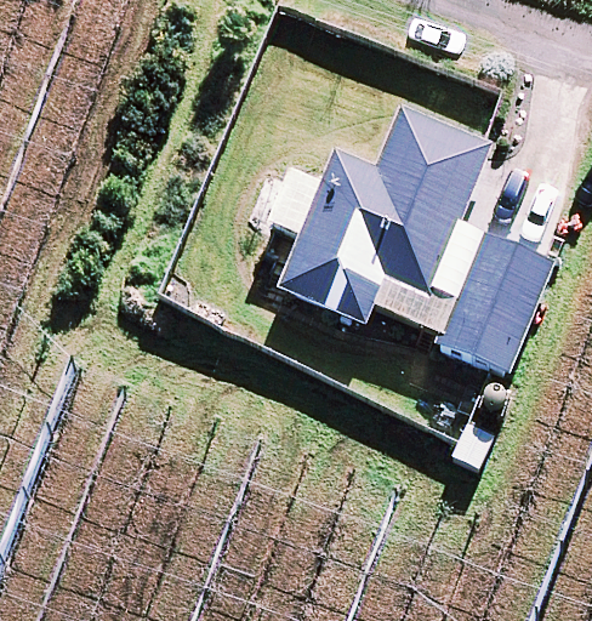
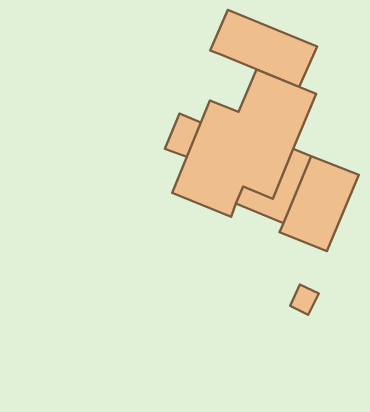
building: none -> [210,10,317,87]

